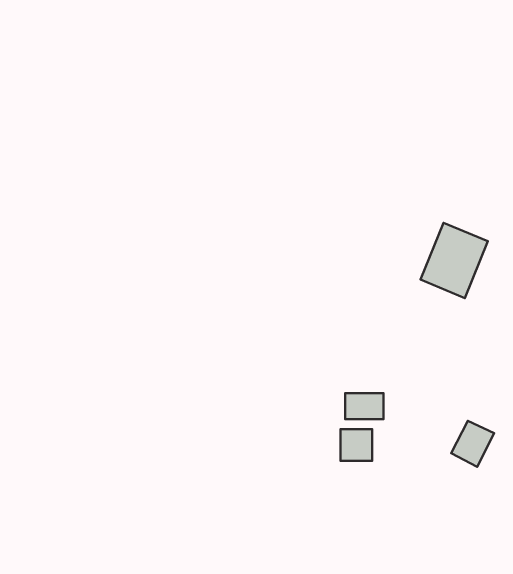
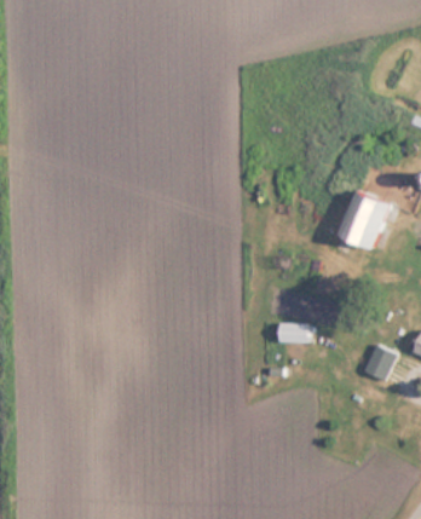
building: [341,429,372,461] -> none

